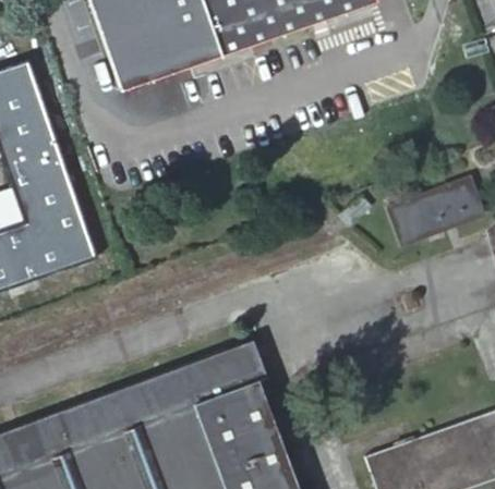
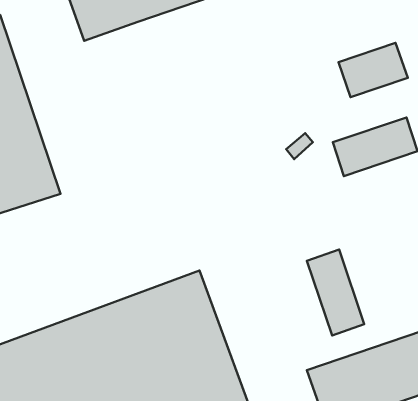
building: none -> [338,43,408,97]
building: none -> [307,250,364,335]

